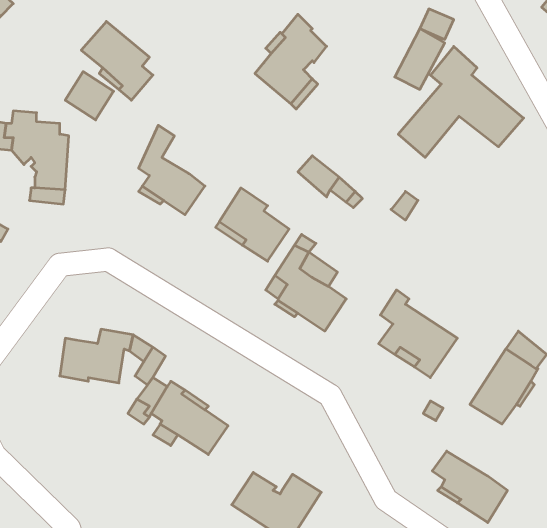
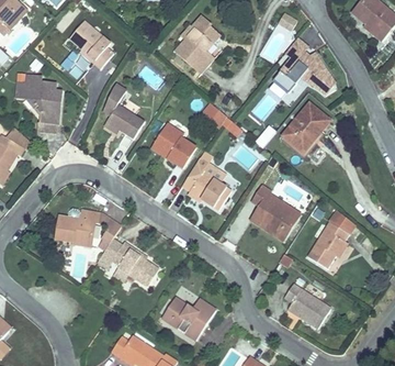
building: none -> [283,103,329,152]

